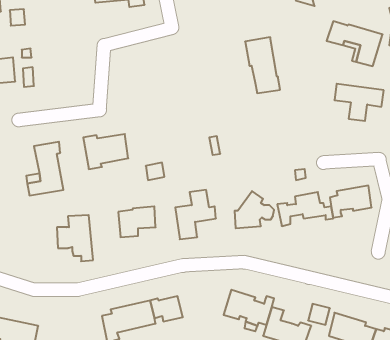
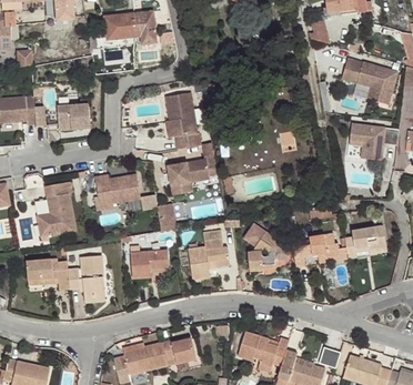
building: [245,37,280,93] -> [164,91,200,148]
building: none -> [57,102,90,129]
building: none -> [167,156,218,195]
building: none -> [26,257,69,290]

